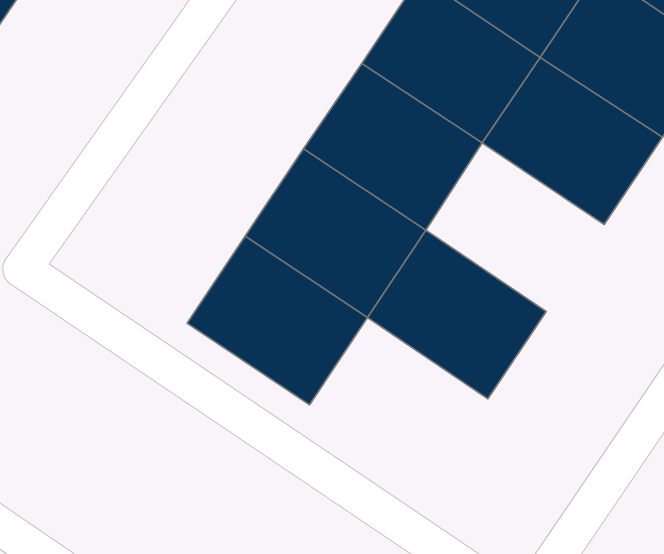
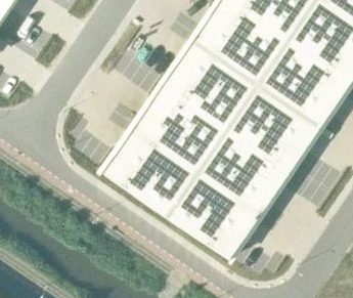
building: none -> [227,79,321,168]
building: none -> [166,171,260,259]

